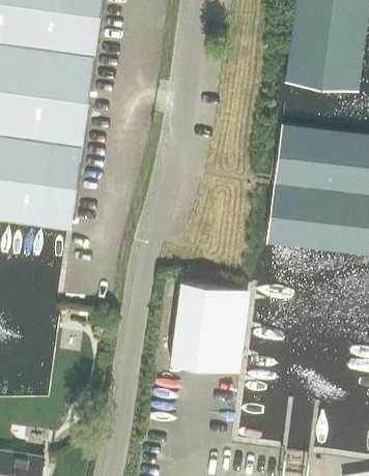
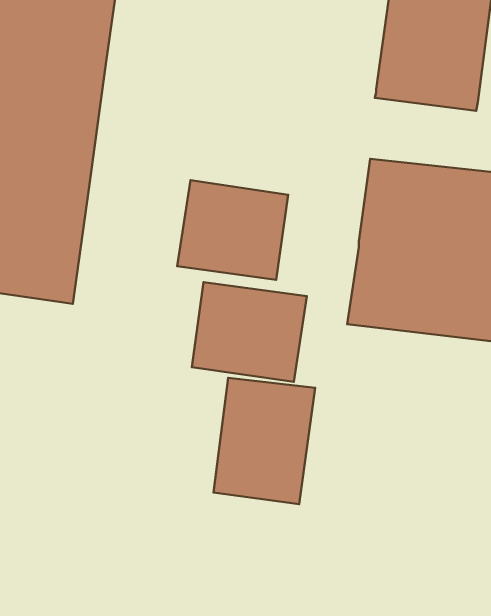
building: none -> [177,180,288,280]
building: none -> [192,282,307,382]

